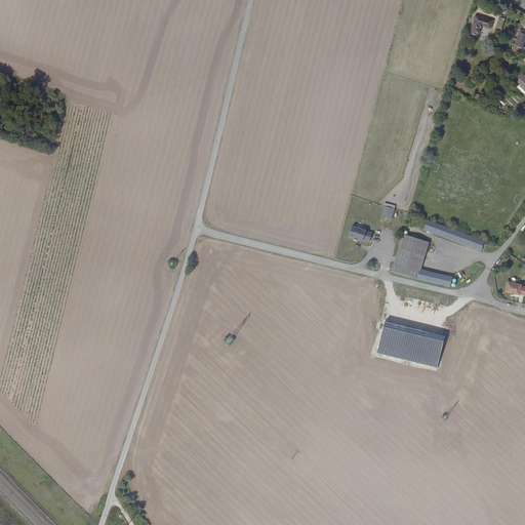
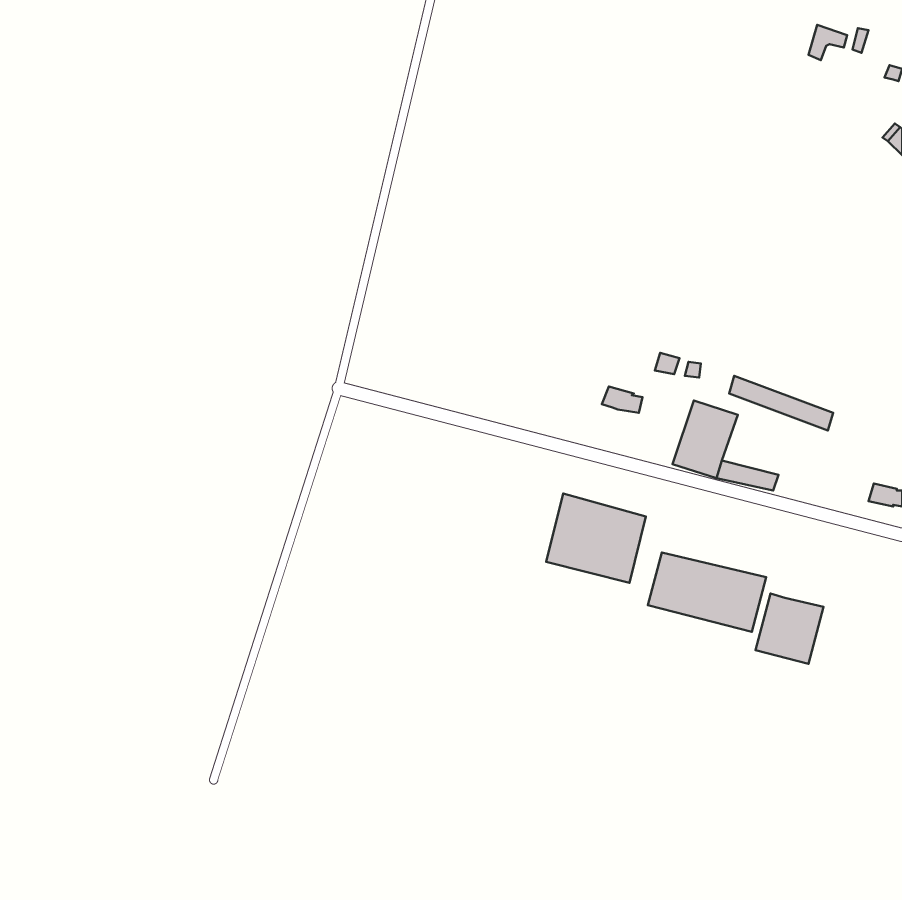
building: none -> [546,493,646,583]
building: none -> [756,593,823,664]

